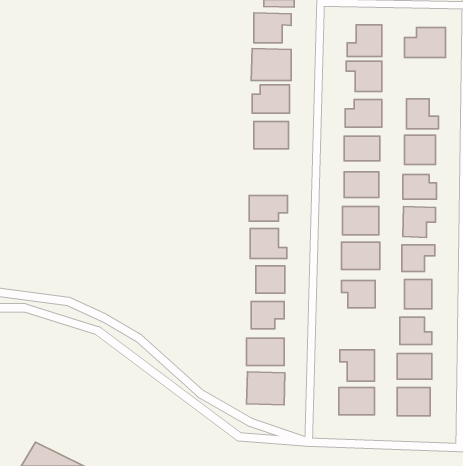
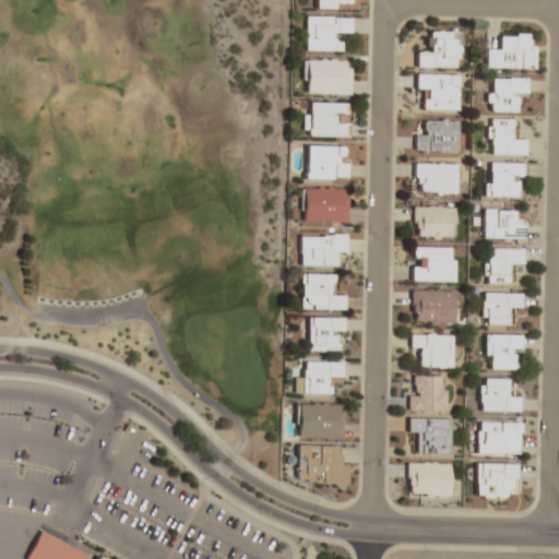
building: none -> [490,76,530,111]
building: none -> [305,187,349,222]
building: none -> [412,377,447,412]

